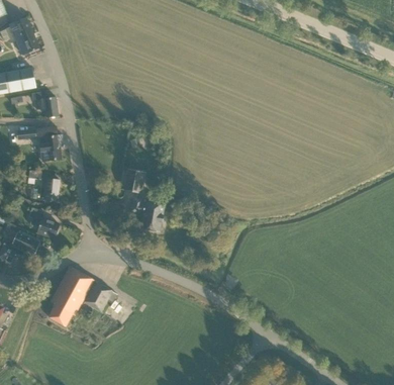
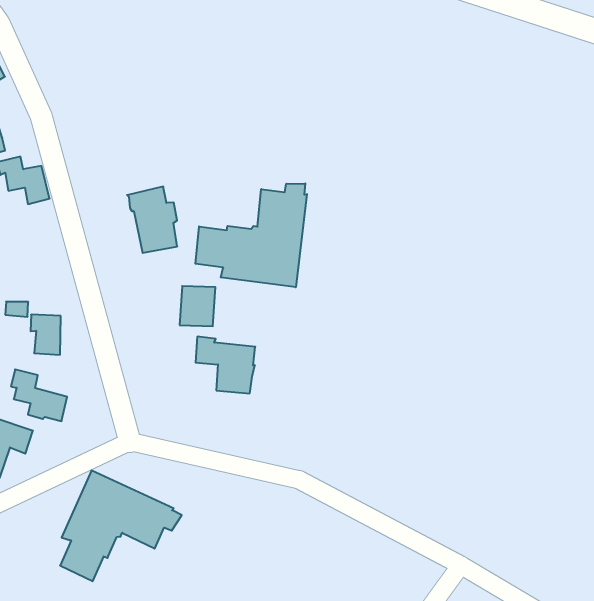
building: none -> [195,183,307,287]
building: [34,126,61,162] -> [127,187,177,253]

